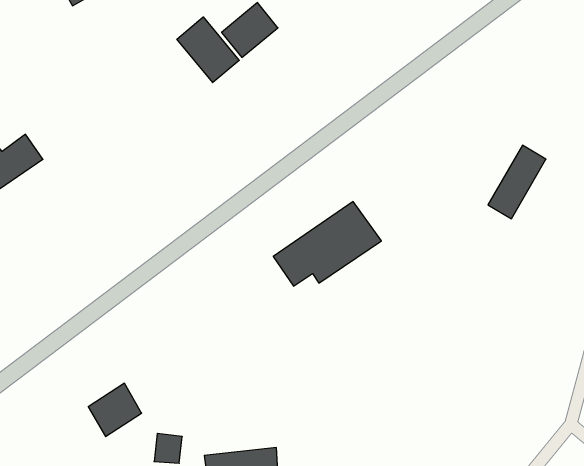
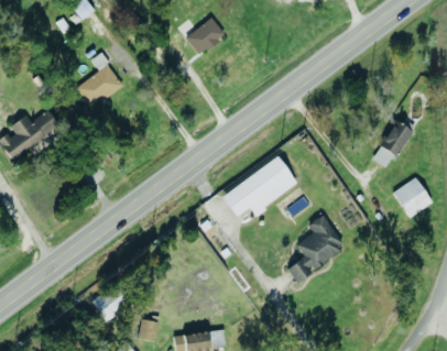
building: [177,17,239,83] -> none
building: none -> [77,53,123,108]
building: none -> [393,177,433,218]
building: none -> [287,215,345,283]

